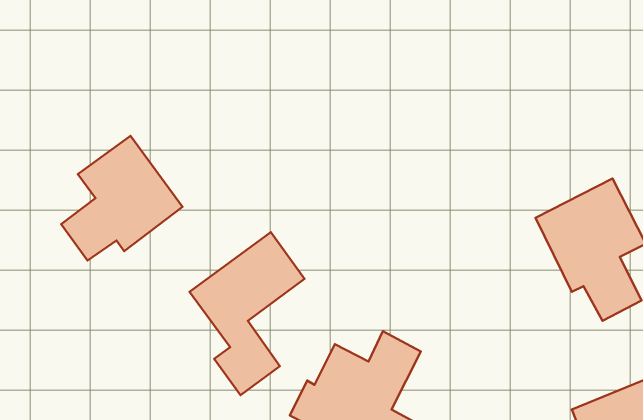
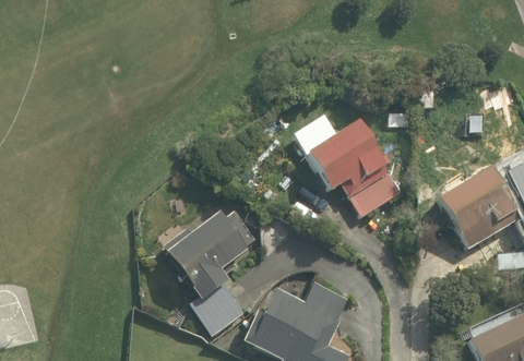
building: none -> [295,111,407,226]
building: [61,136,183,261] -> none

